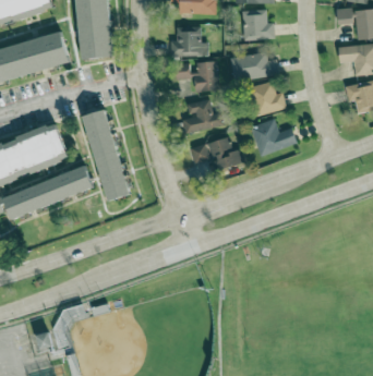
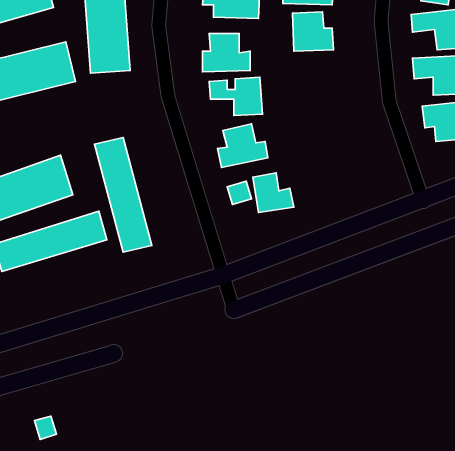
building: [230,53,278,81] -> none
building: [251,83,287,117] -> none
building: [250,120,298,157] -> none

